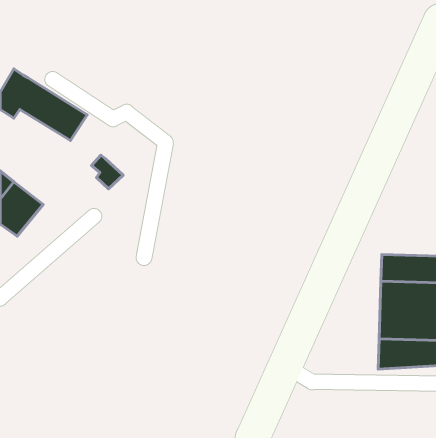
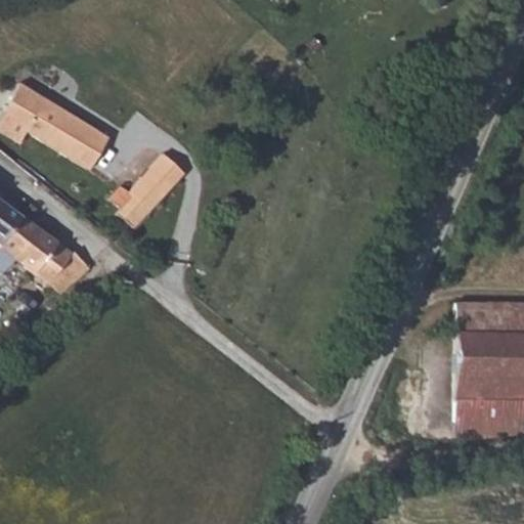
building: none -> [130,151,185,208]
building: none -> [26,243,91,293]

